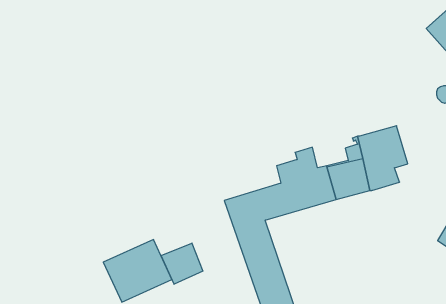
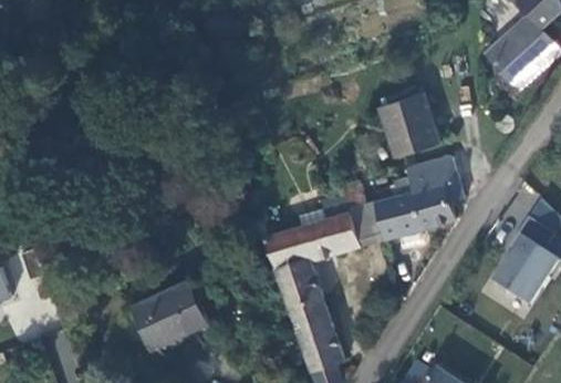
building: none -> [378,93,438,157]
building: [161,243,203,284] -> none

